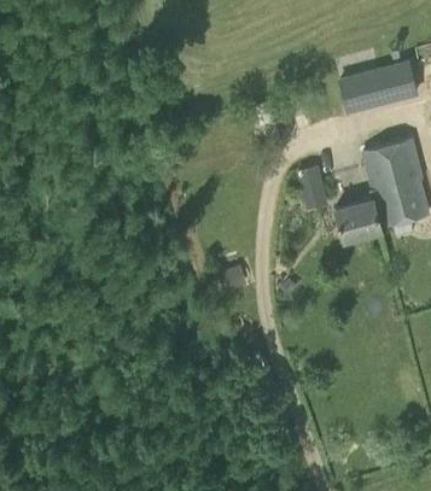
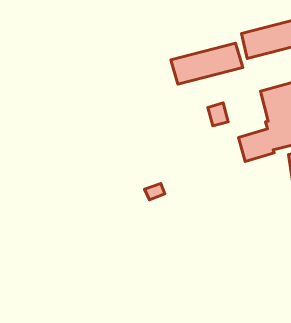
building: none -> [171,43,243,84]

